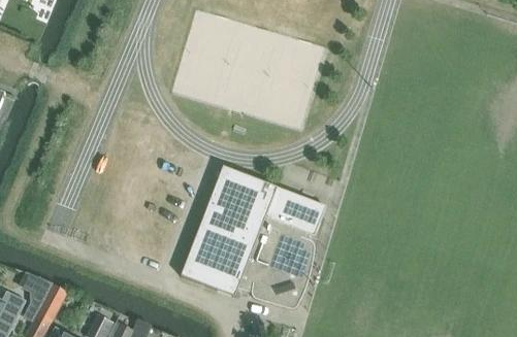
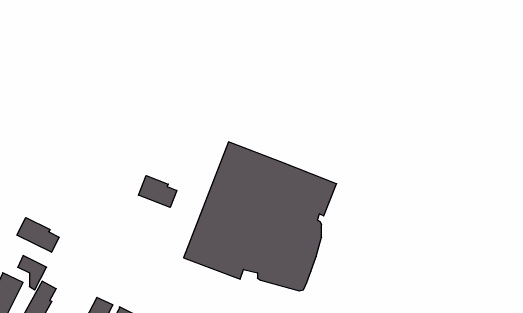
building: none -> [138,176,177,207]
building: none -> [17,218,59,252]

